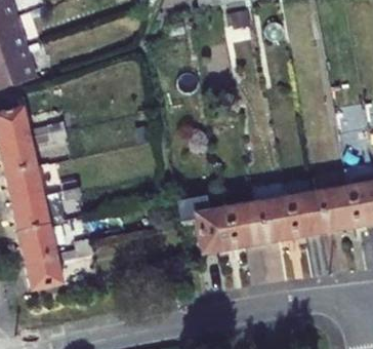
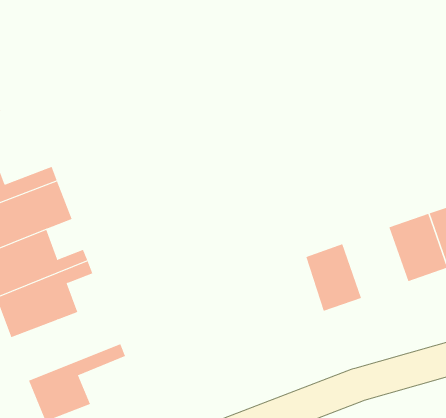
building: [252,197,292,242] -> none
building: [173,199,232,253] -> none
building: [17,225,91,263] -> none

